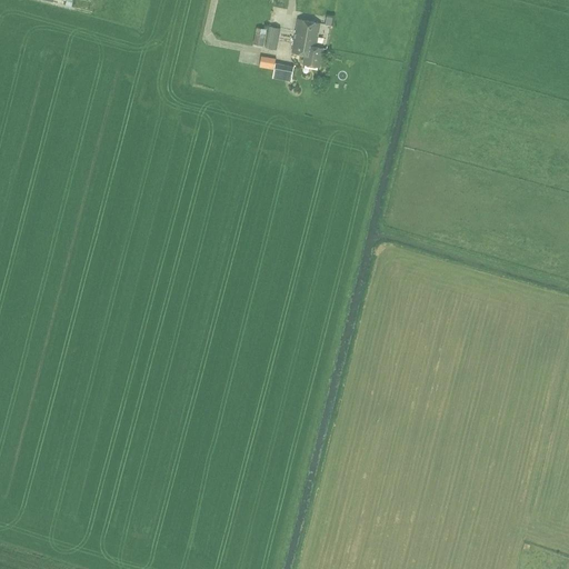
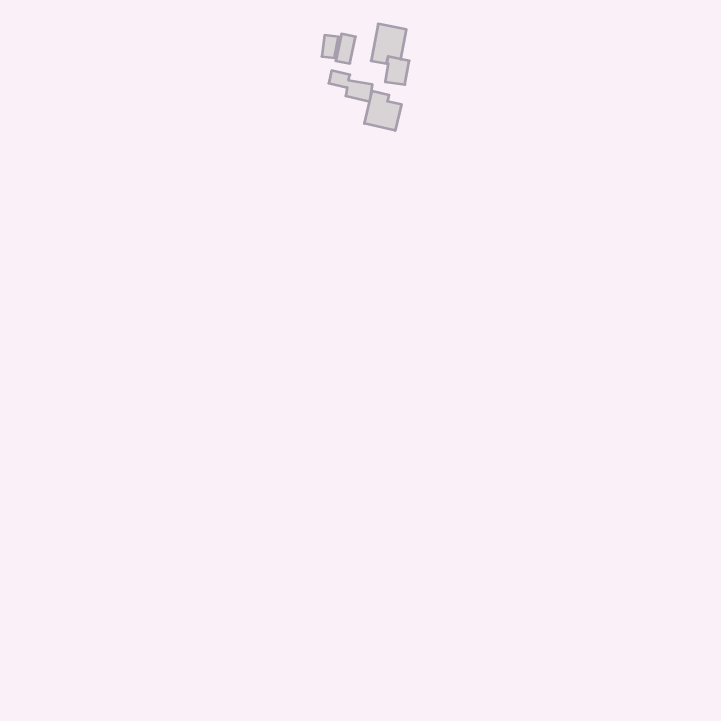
building: none -> [364,91,401,131]

